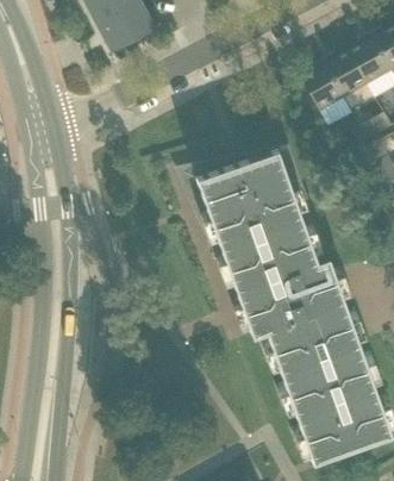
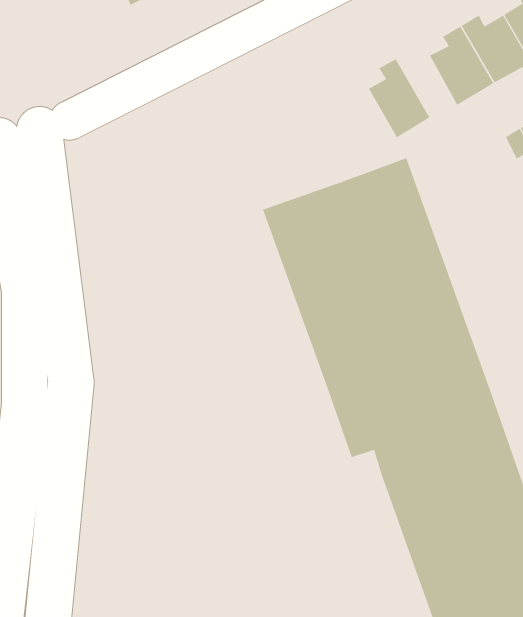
building: none -> [368,59,430,138]

